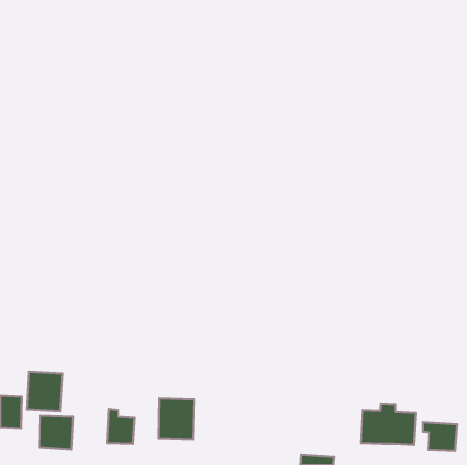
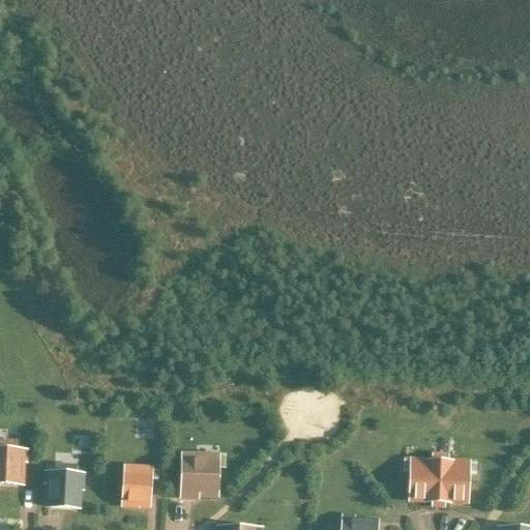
building: [27,372,62,411] -> none
building: [423,422,457,451] -> none

